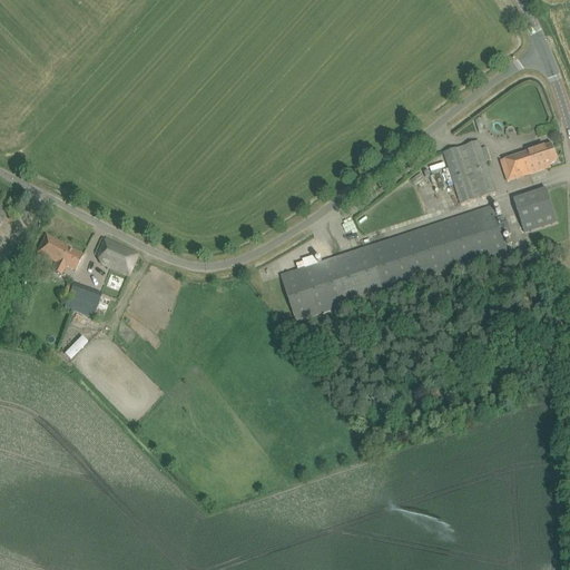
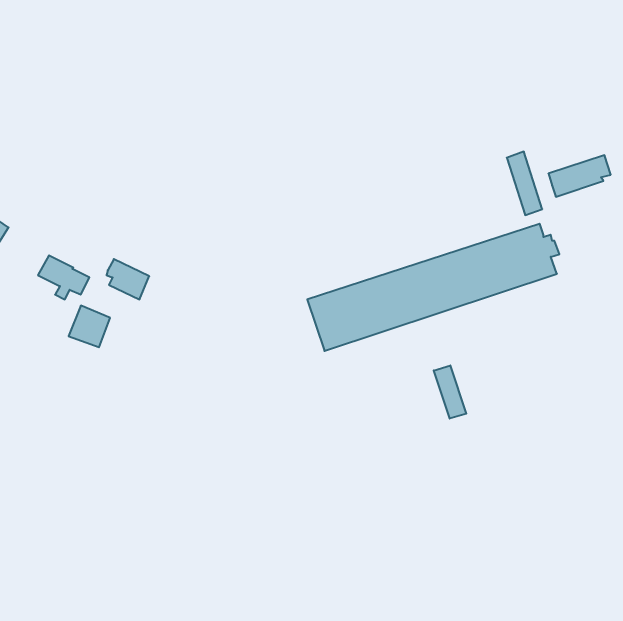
building: [441,144,478,202] -> none
building: [511,188,556,235] -> none
building: none -> [434,365,466,419]

